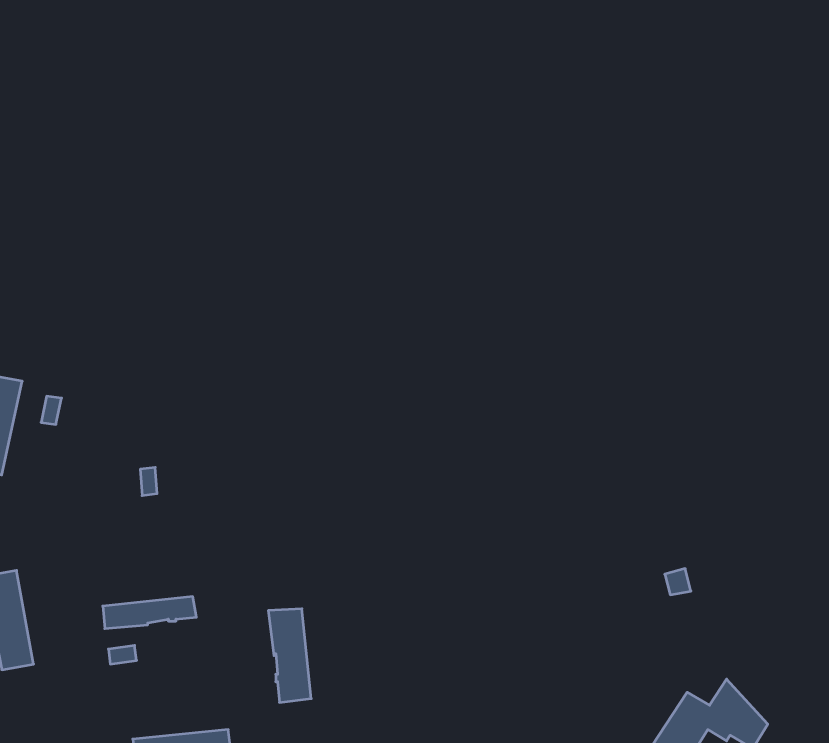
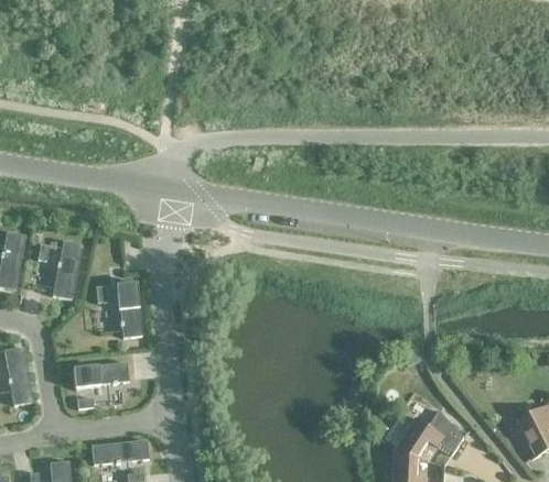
building: none -> [52,241,82,299]
building: [268,609,311,702] -> [116,283,141,338]

